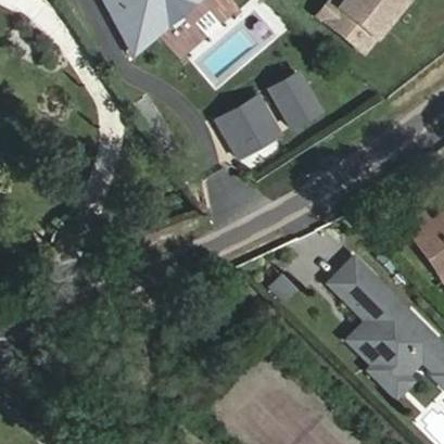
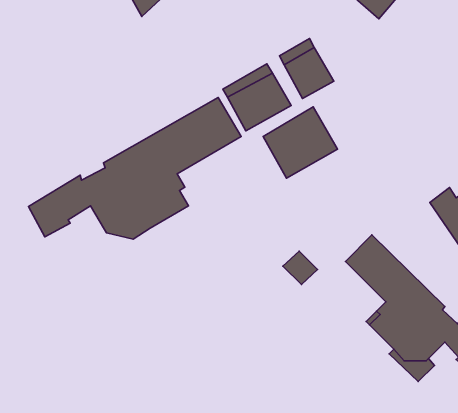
building: none -> [28,97,241,239]
building: none -> [263,107,338,178]

